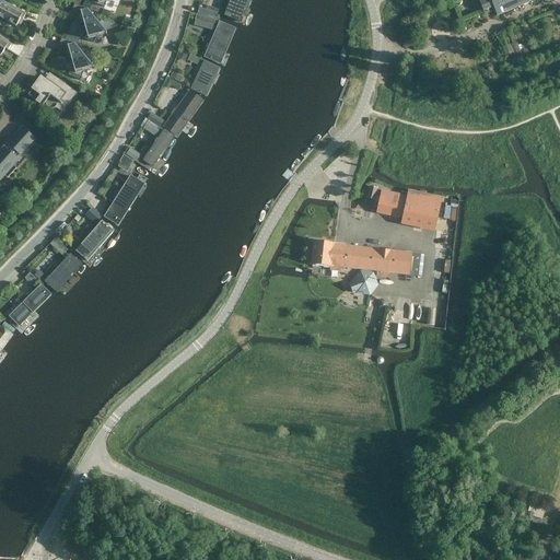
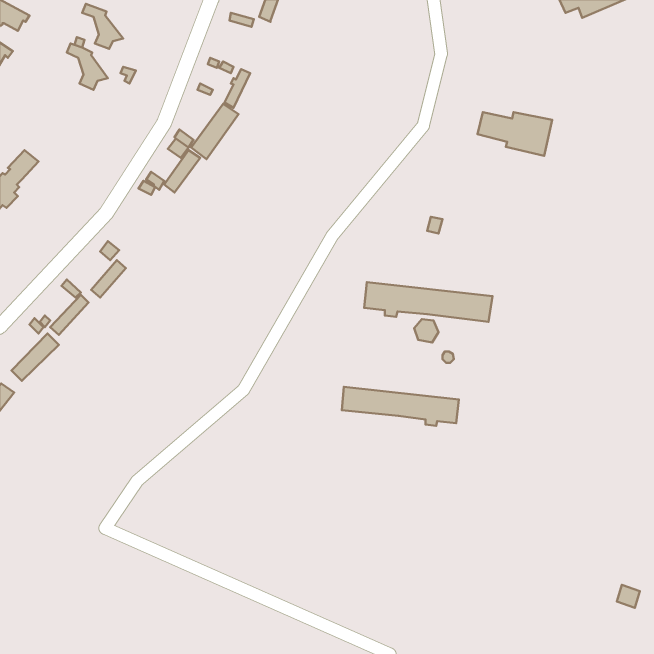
building: [205,20,236,60] -> none
building: [26,77,75,112] -> none
building: [104,175,143,224] -> none
building: [377,191,441,229] -> [478,112,552,156]
building: none -> [342,387,459,426]

